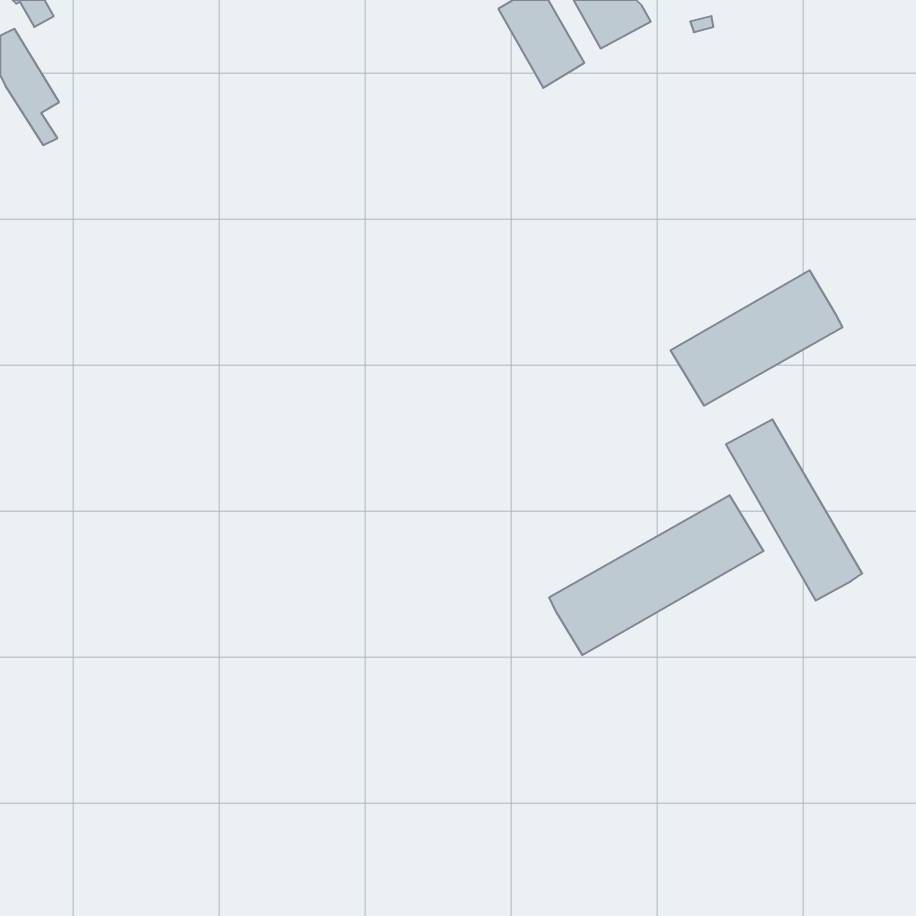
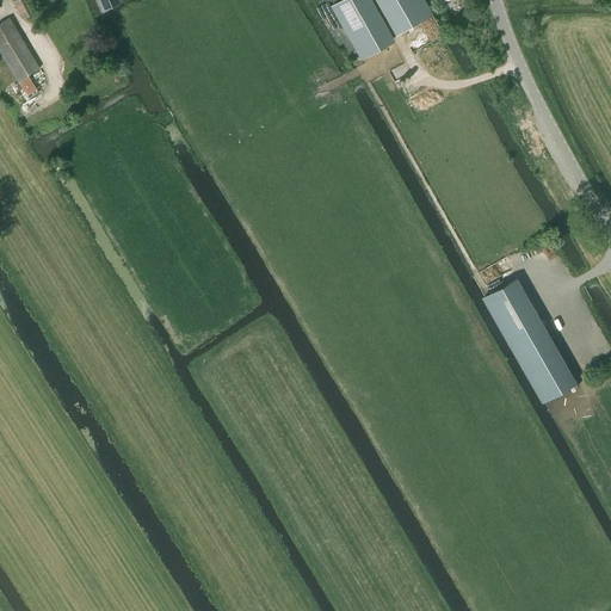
building: [671,270,842,406] -> none
building: [549,495,764,655] -> none

